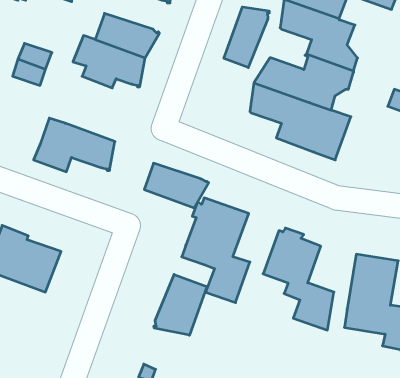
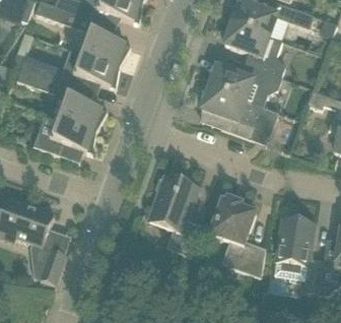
building: [224,7,269,68] -> none
building: [144,163,209,208] -> [57,95,107,130]
building: [154,274,207,335] -> none
building: none -> [39,248,66,283]

